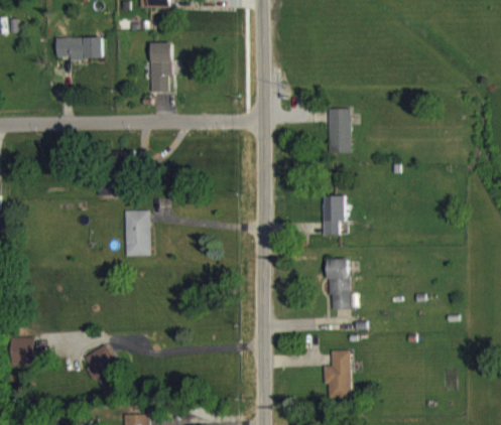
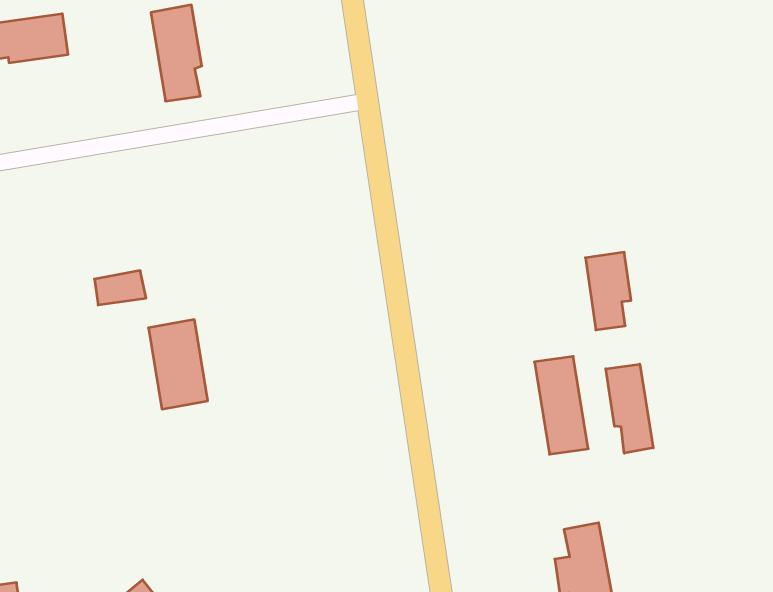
building: [327,109,350,153] -> none
building: [323,195,344,235] -> [585,252,631,330]
building: none -> [606,364,653,453]

